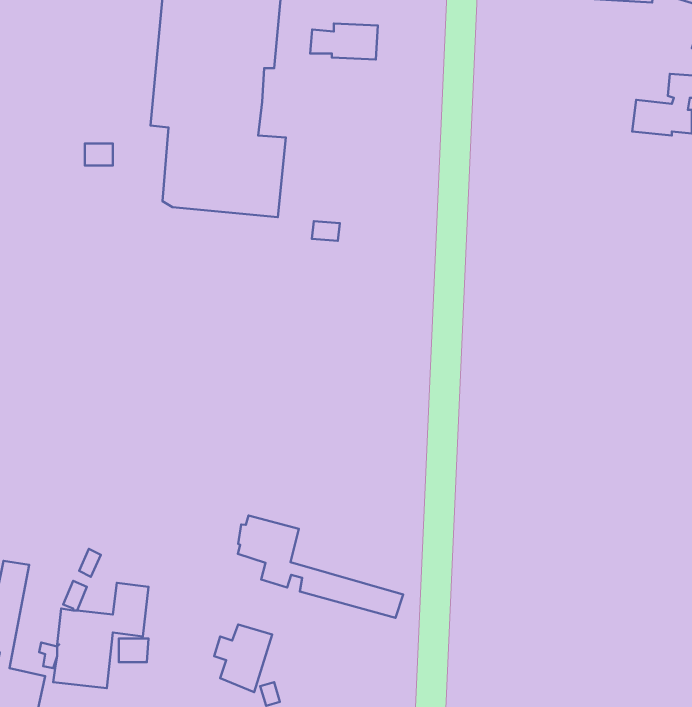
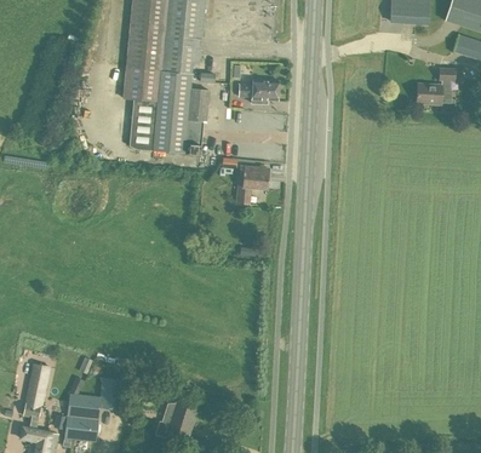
building: [310,24,378,59] -> [237,79,279,101]
building: none -> [236,165,268,203]
building: [238,515,403,618] -> none

